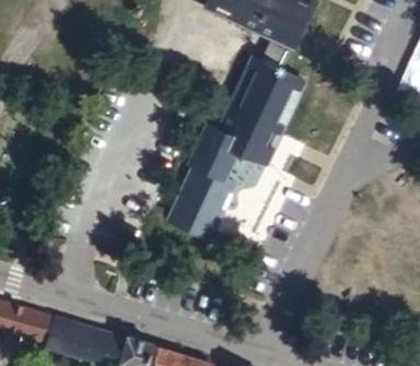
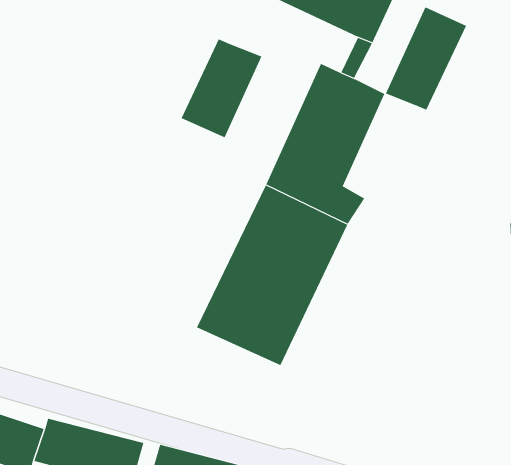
building: none -> [385,7,467,111]
building: none -> [181,39,262,138]

